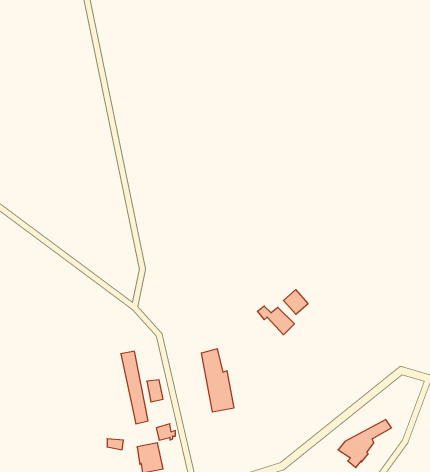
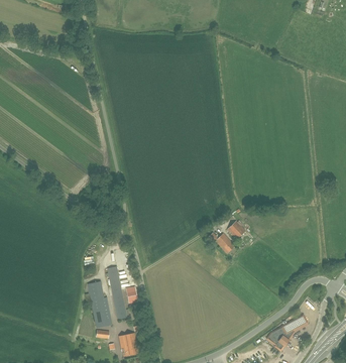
building: [201,349,234,412] -> [88,280,112,327]

